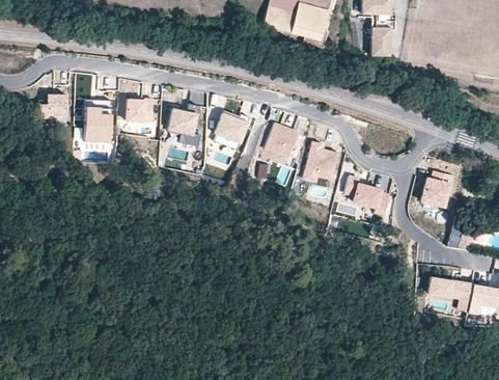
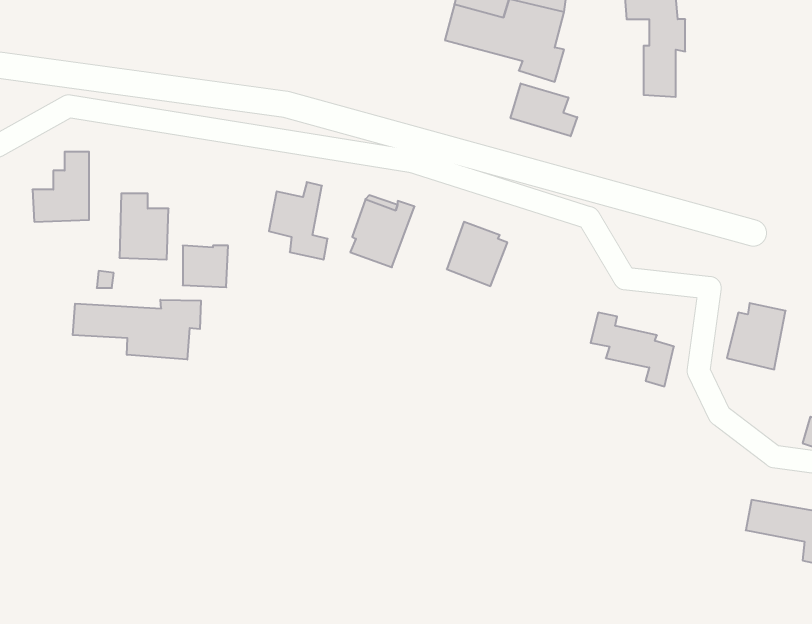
building: none -> [511,83,577,136]
building: [127,99,151,121] -> [183,246,228,287]
building: [303,141,338,182] -> none
building: none -> [73,300,201,360]

